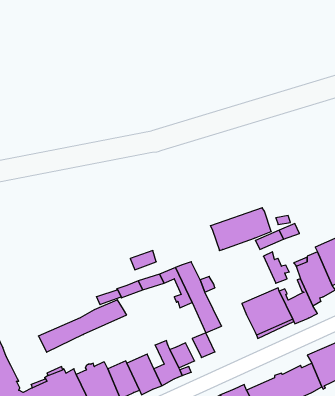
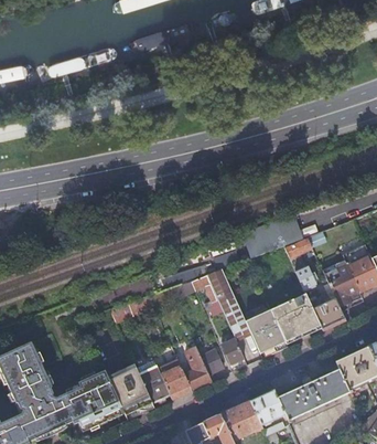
building: [38,300,126,352] -> none
building: none -> [251,321,284,350]

